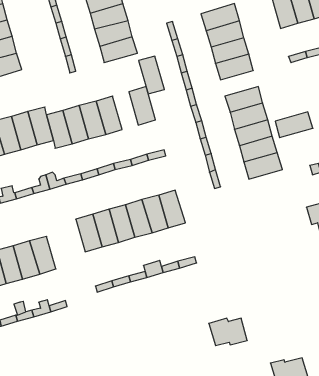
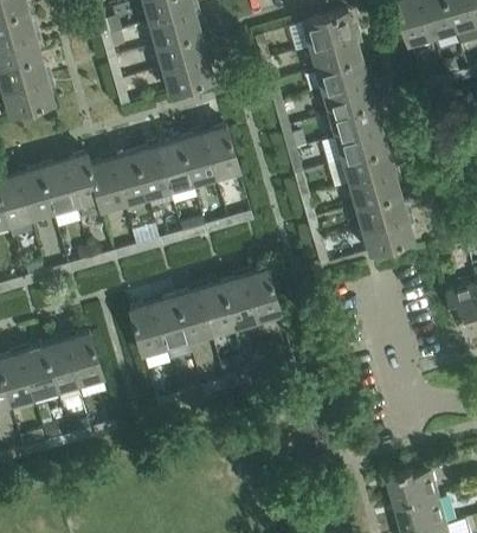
building: [139,56,164,94] -> [179,134,214,186]
building: [275,112,313,138] -> [328,104,380,140]
building: [209,318,247,346] -> [387,471,440,509]

